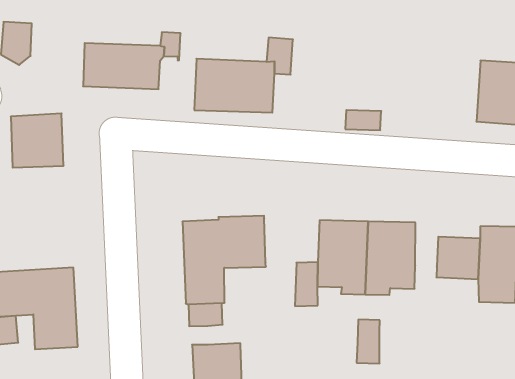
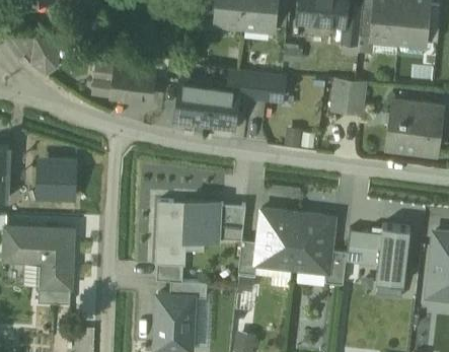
building: none -> [249,73,283,103]
building: none -> [333,81,363,114]
building: [11,113,64,168] -> [36,159,77,200]
building: none -> [218,206,245,241]
building: [357,320,380,363] -> [326,252,347,286]
building: none -> [169,283,207,300]
building: none -> [38,289,71,306]

